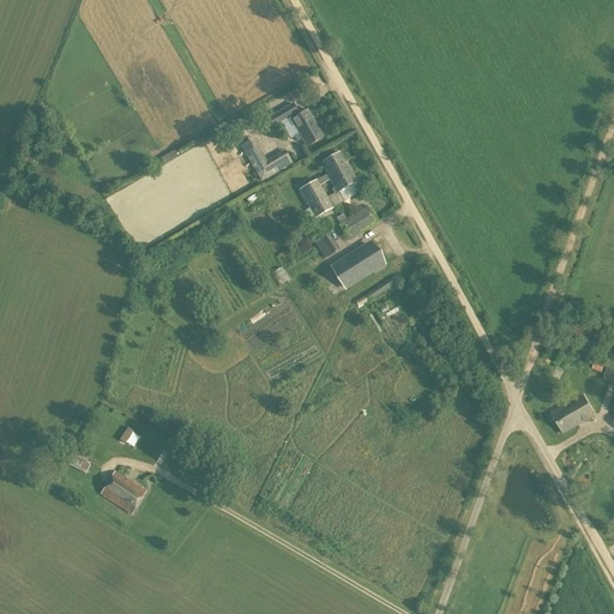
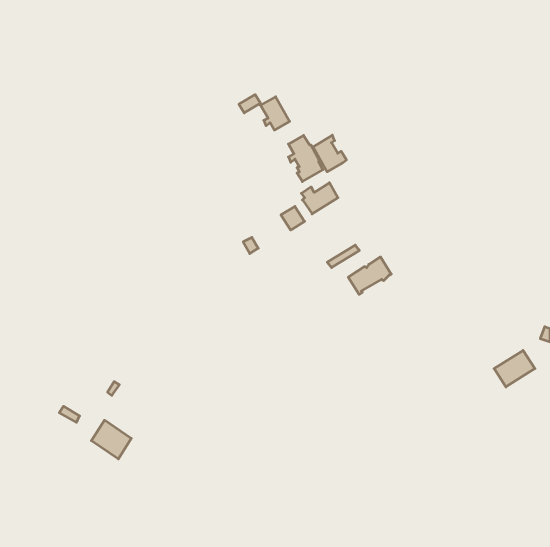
building: [239,136,291,180] -> none
building: [300,175,337,216] -> [313,135,346,172]
building: [333,242,381,284] -> [348,257,391,294]

